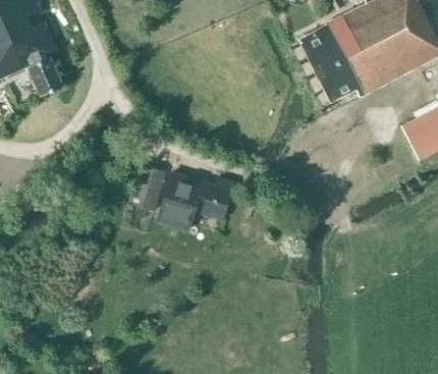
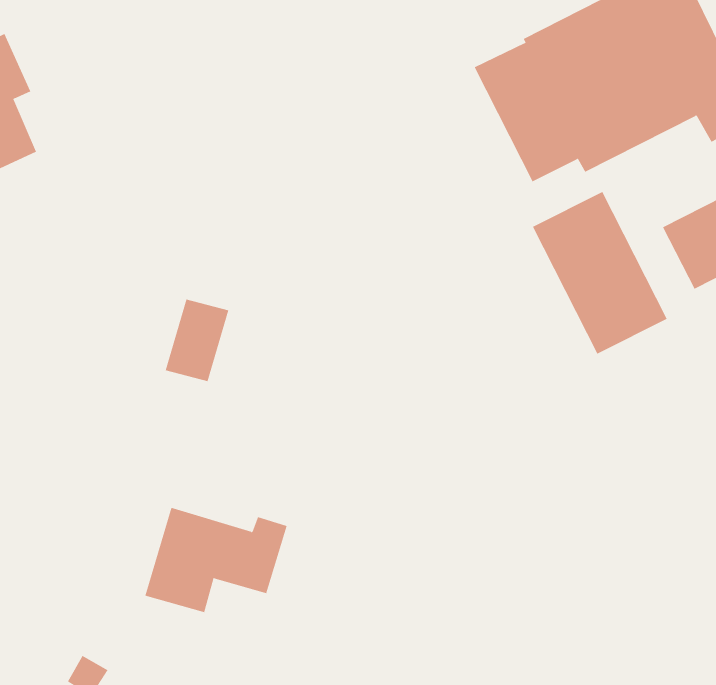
building: none -> [532,191,667,354]
building: [156,171,233,228] -> [144,507,288,613]

